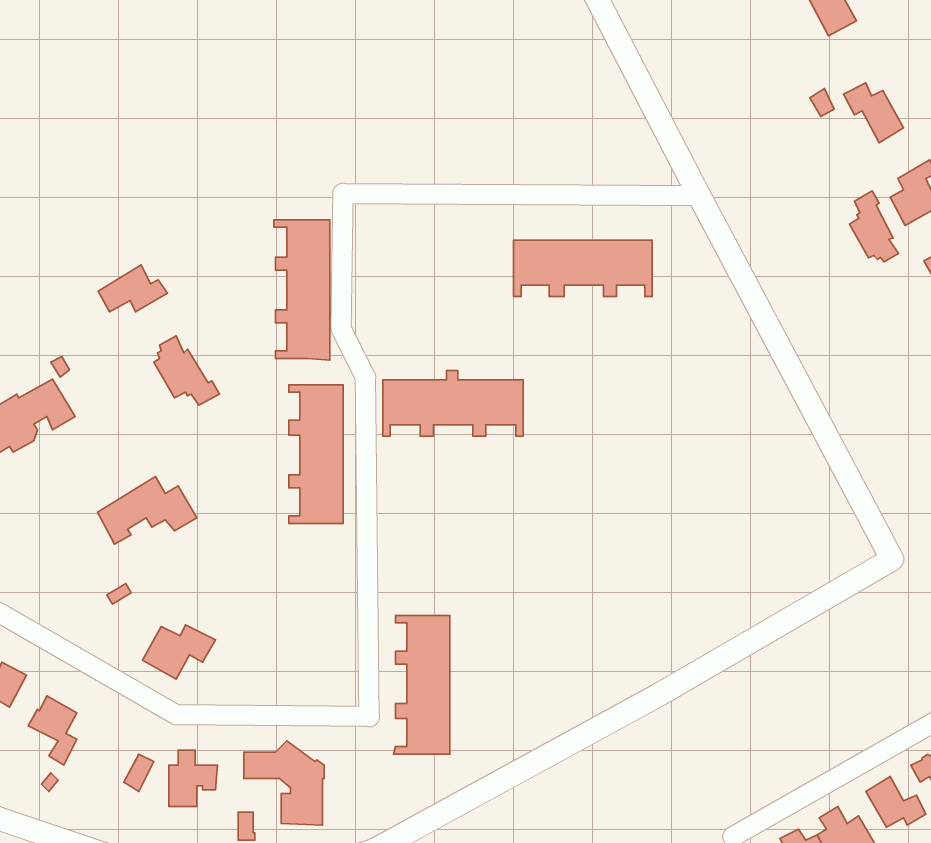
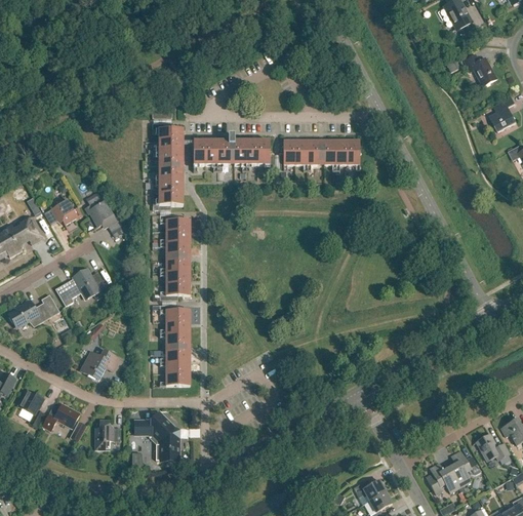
building: [850,191,899,262] -> none
building: [98,265,167,312] -> [44,198,82,224]
building: [383,371,523,436] -> [193,134,270,170]
building: none -> [9,293,59,326]
building: [394,615,450,754] -> [159,309,190,385]
building: none -> [42,402,80,430]

